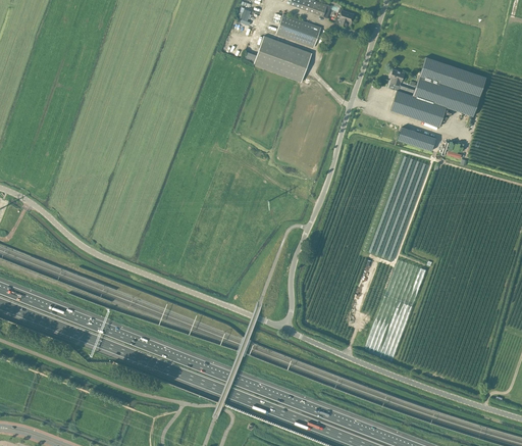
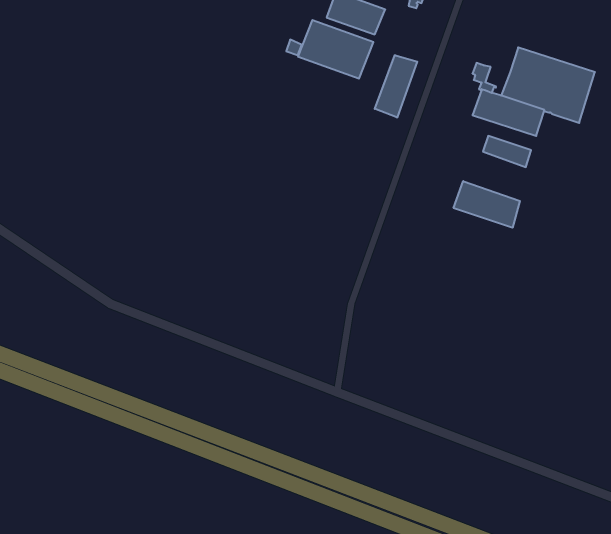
building: none -> [375,55,417,118]
building: none -> [454,181,520,228]

